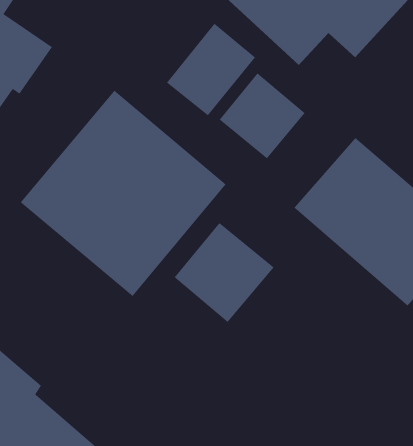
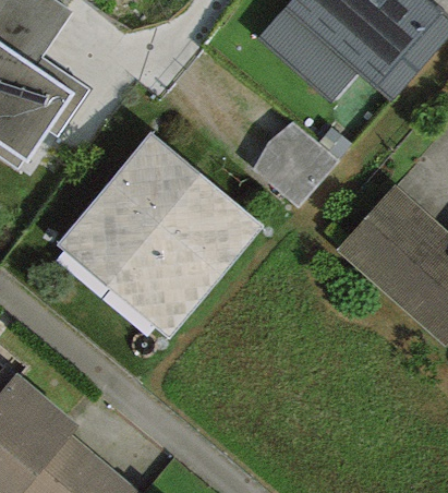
building: [166,23,256,116] -> none
building: [174,222,274,323] -> none

